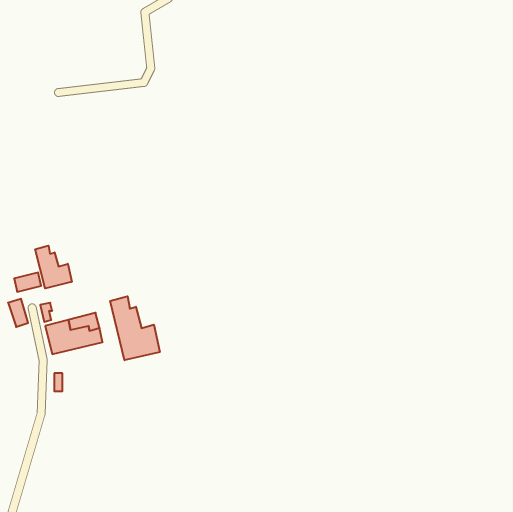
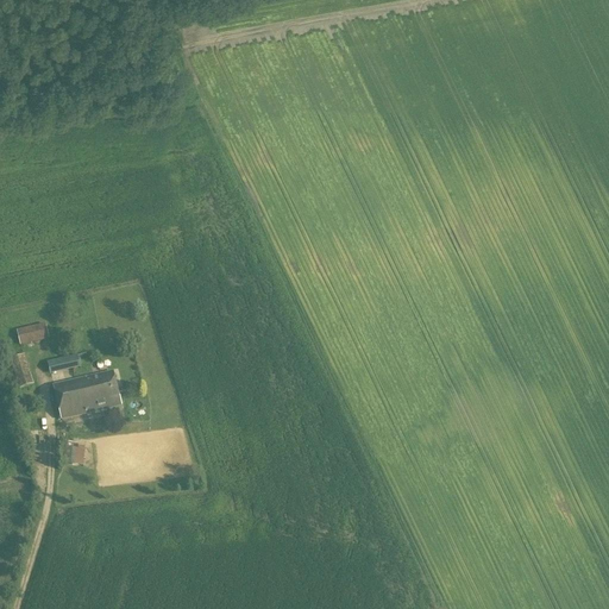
building: [35,246,72,288] -> none
building: [110,296,160,360] -> none

